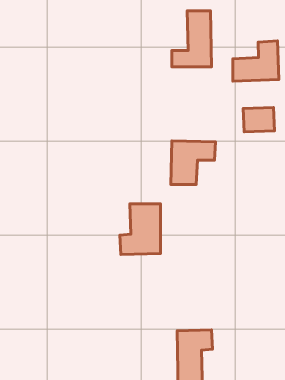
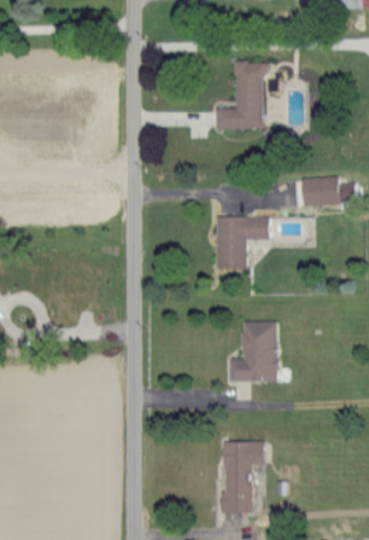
building: [233,41,279,81] -> none
building: [120,204,160,255] -> [229,321,277,382]

